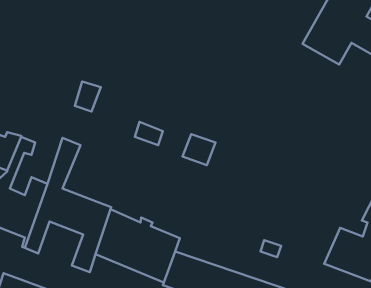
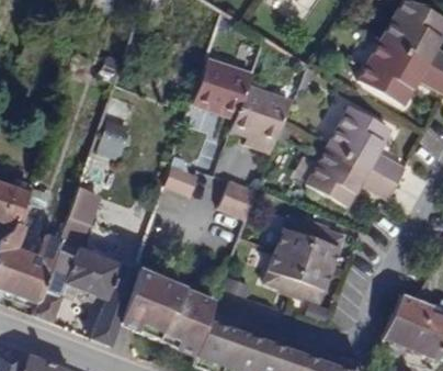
building: none -> [193,52,289,140]
building: none -> [306,105,404,204]
building: none -> [266,213,347,301]

